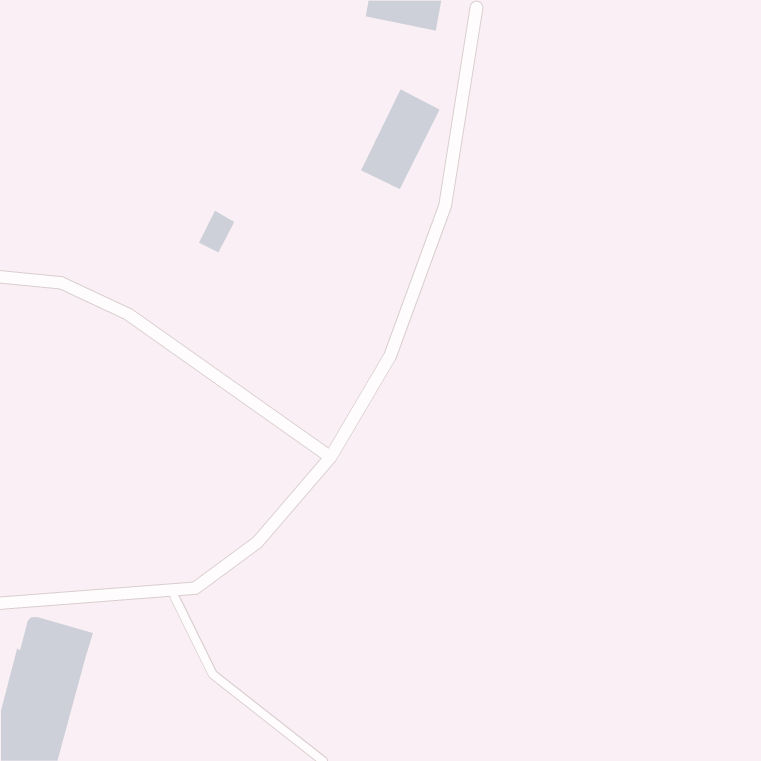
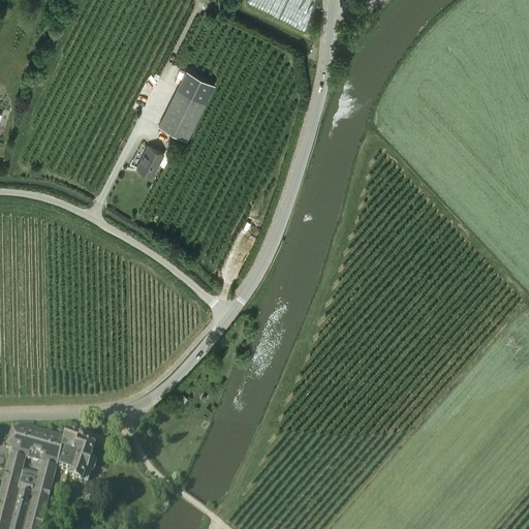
building: [360,89,441,190] -> [159,69,215,139]
building: none -> [59,434,96,484]

